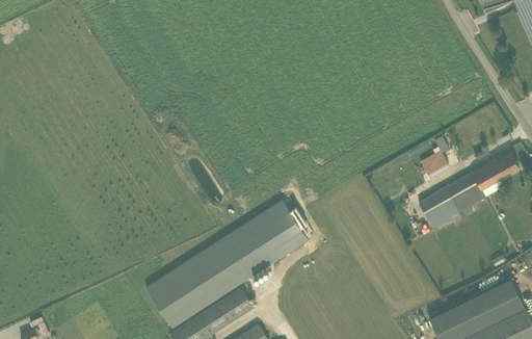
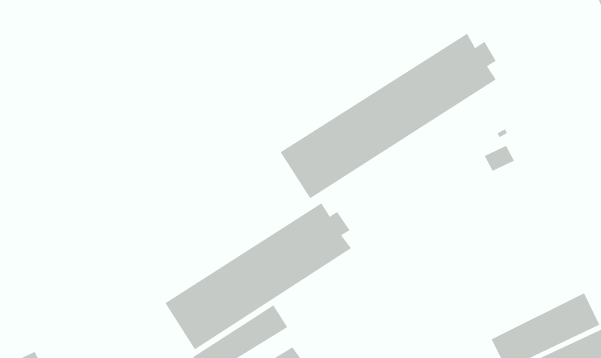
building: none -> [280,33,497,199]
building: [421,152,522,228] -> none

